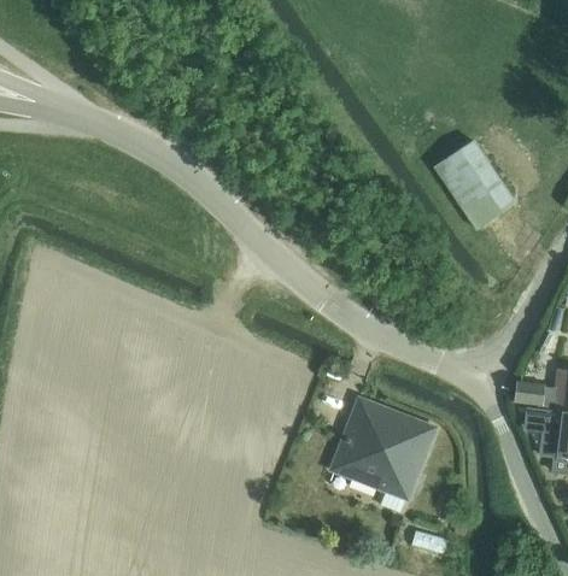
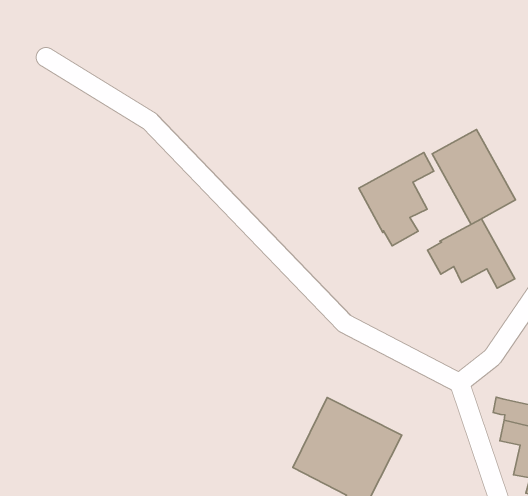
building: none -> [359,152,434,246]
building: none -> [427,219,515,288]

